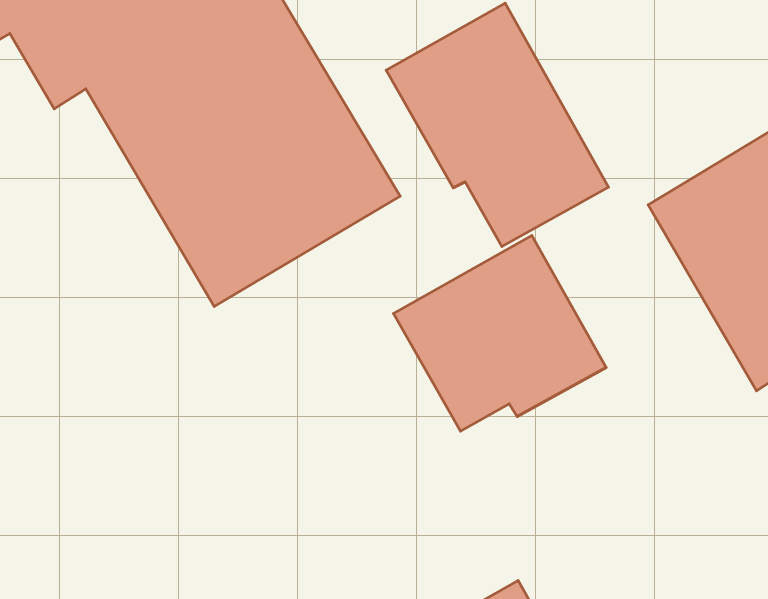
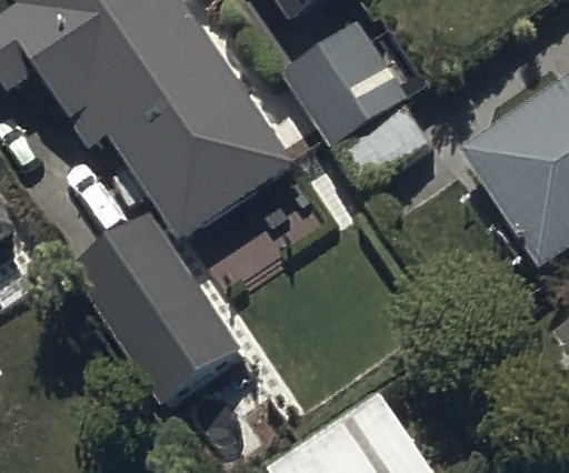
building: [393,236,606,431] -> none
building: none -> [70,215,241,403]

